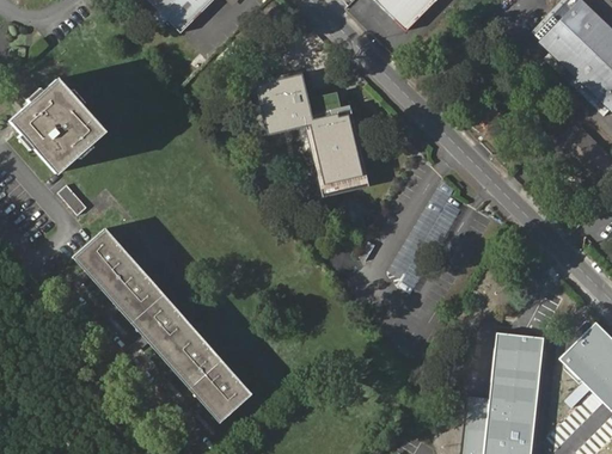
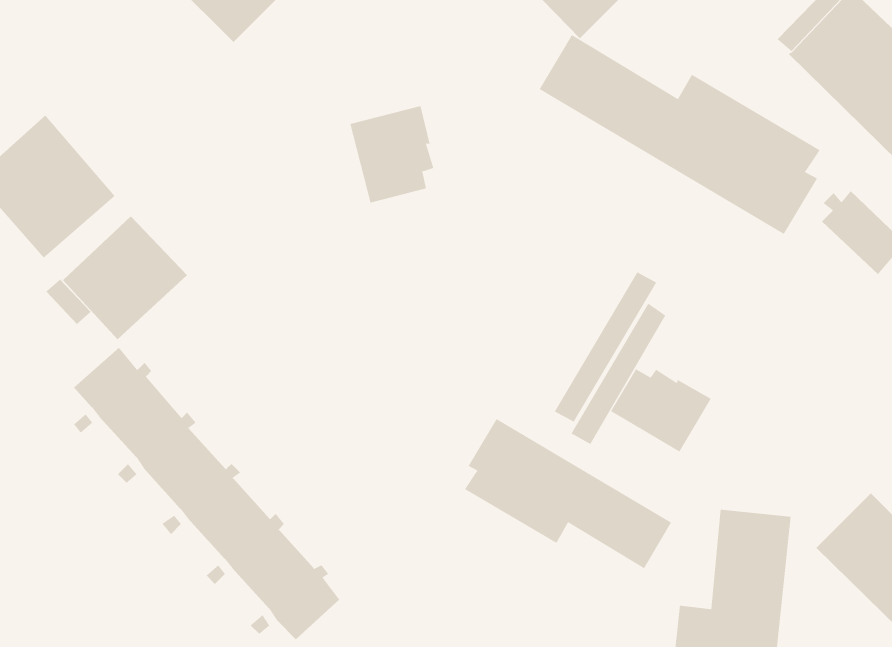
building: none -> [539,34,820,235]
building: [304,91,368,194] -> none
building: none -> [62,215,188,340]
building: none -> [610,369,712,453]
building: none -> [464,418,672,569]

